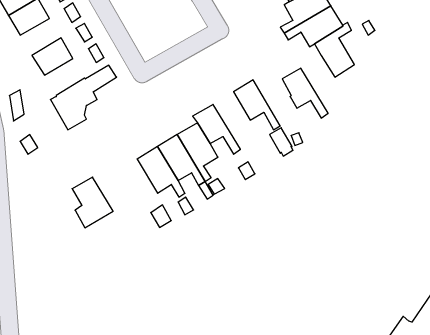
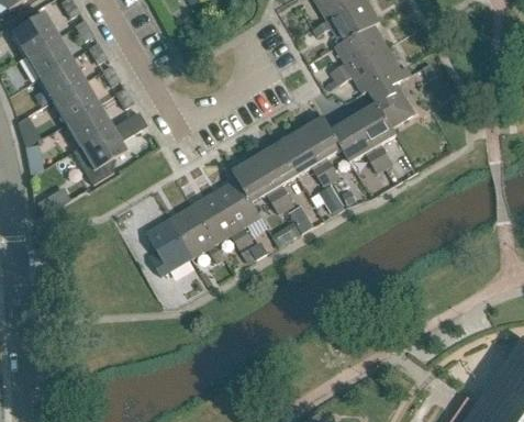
building: none -> [38,59,85,101]
building: none -> [355,101,398,166]
building: none -> [66,104,111,146]
building: none -> [301,114,344,180]
building: none -> [256,142,298,207]
building: [72,177,113,228] -> [147,218,193,275]

